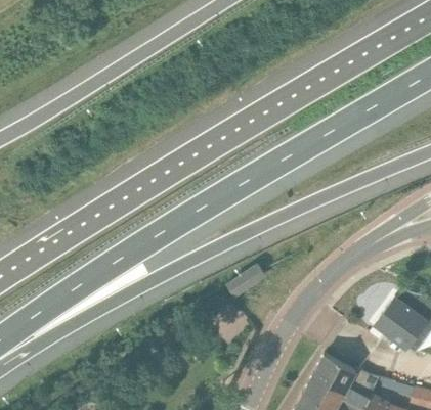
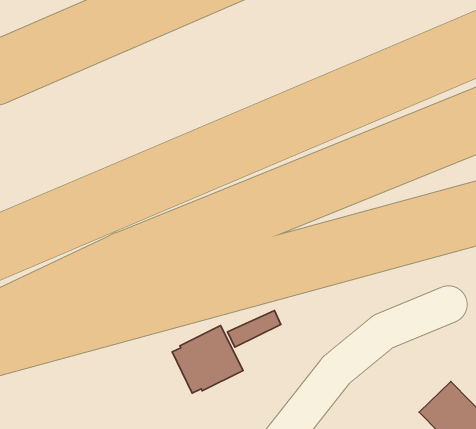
building: none -> [172,326,243,393]

